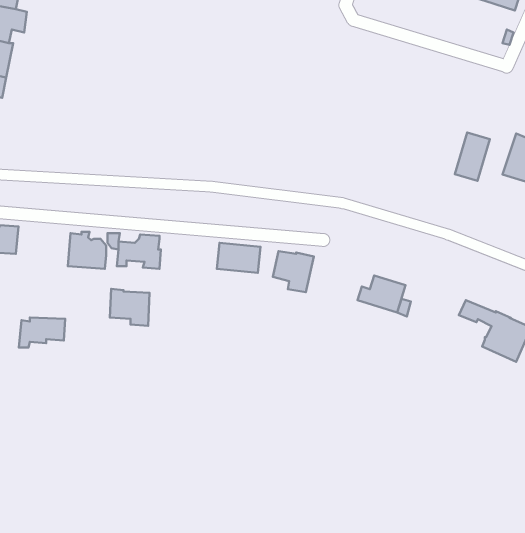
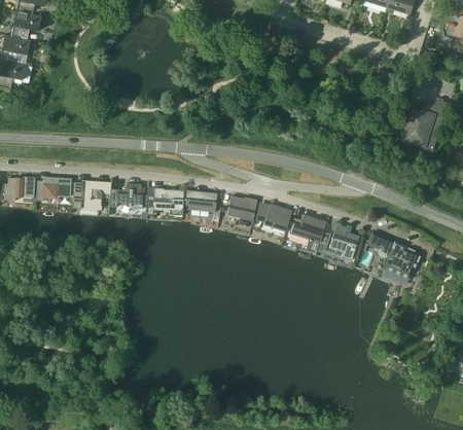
building: [455,133,490,181] -> none
building: none -> [255,204,292,231]
building: none -> [328,223,359,260]
building: [110,289,150,326] -> [153,187,183,215]
building: [19,317,65,347] -> [35,178,70,201]

